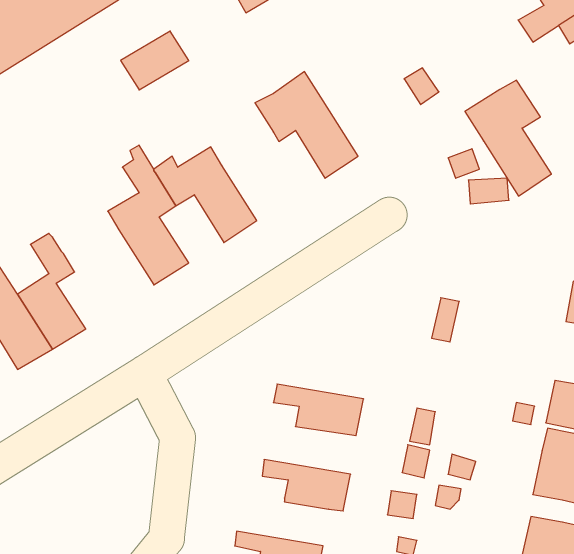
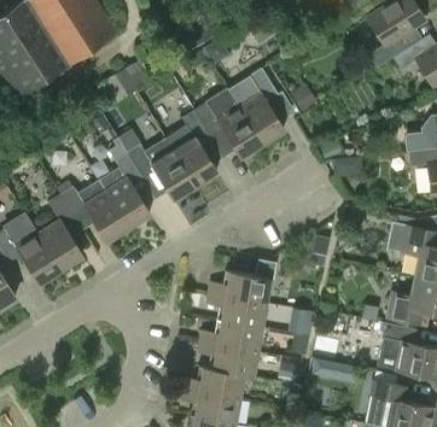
building: [465,80,551,196] -> [227,68,284,144]
building: none -> [165,109,217,186]
building: none -> [59,180,128,242]
building: none -> [209,258,276,303]
building: none -> [200,321,261,352]
building: none -> [182,367,243,399]

